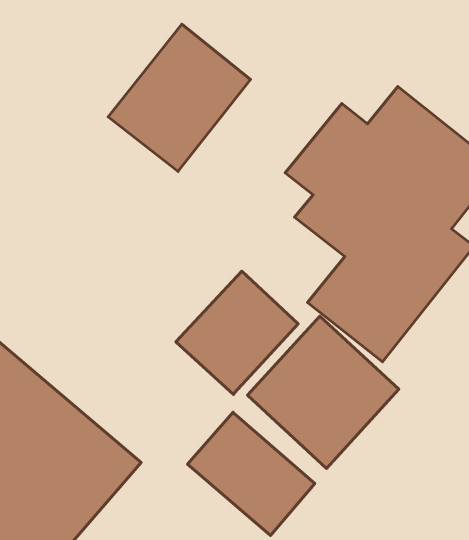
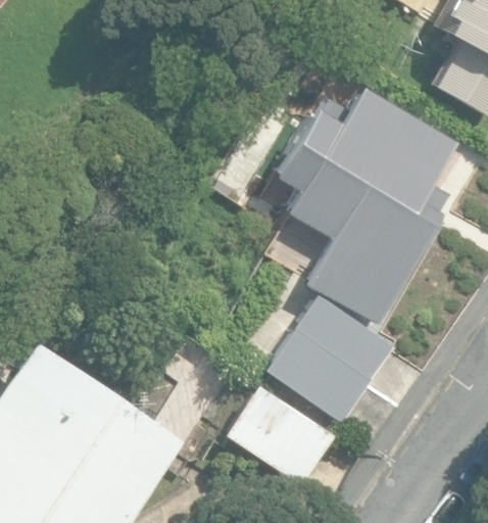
building: [108,24,251,172] -> none
building: [176,271,298,395] -> none

